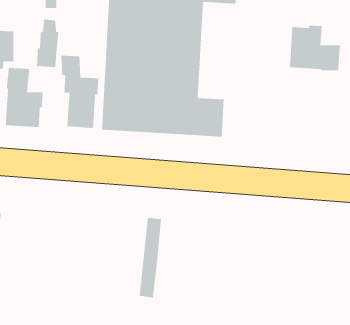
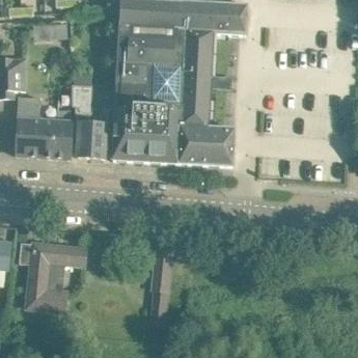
building: [36,19,59,68] -> [49,109,72,158]
building: [289,25,341,71] -> none
building: none -> [18,242,84,310]

